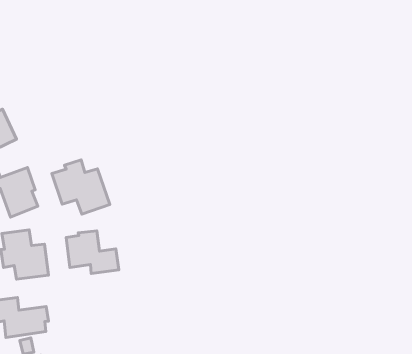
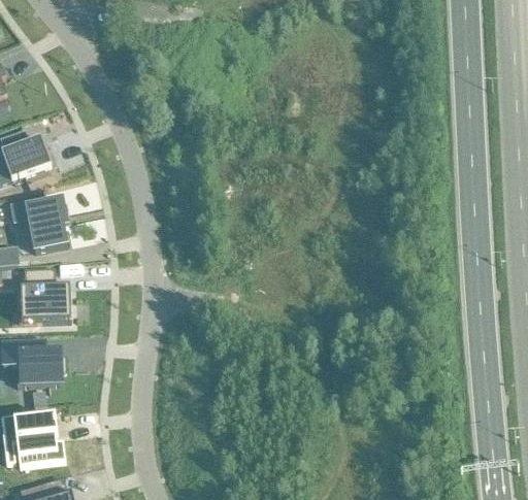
building: [52,160,110,214] -> none
building: [66,231,119,273] -> none

